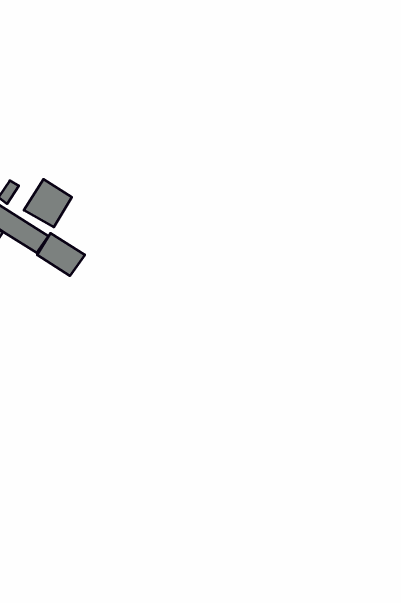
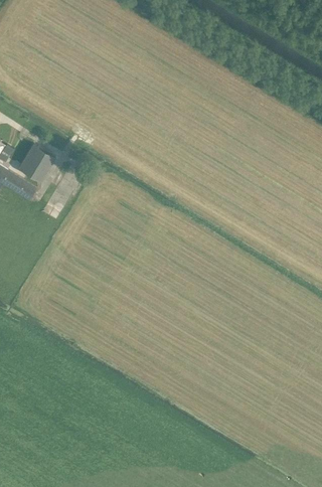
building: [37,233,85,276] -> none

